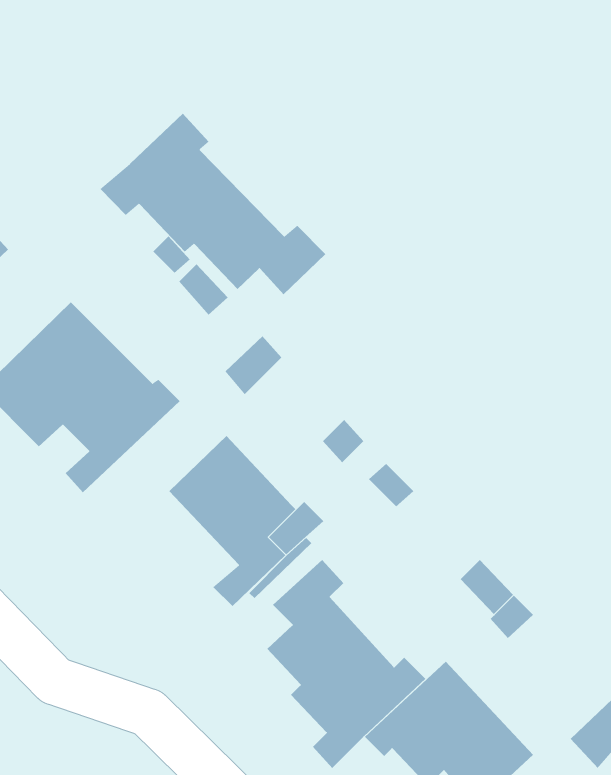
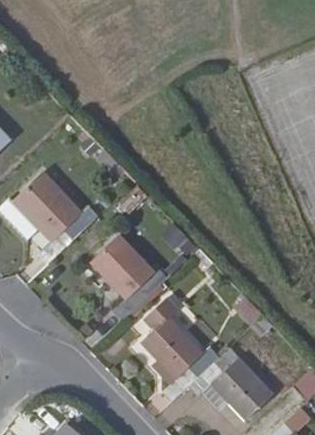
building: [100,113,326,295] -> none

